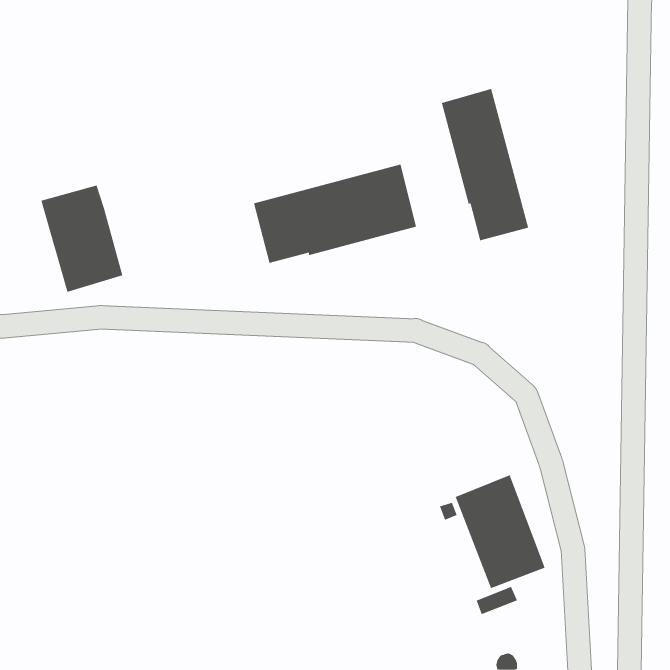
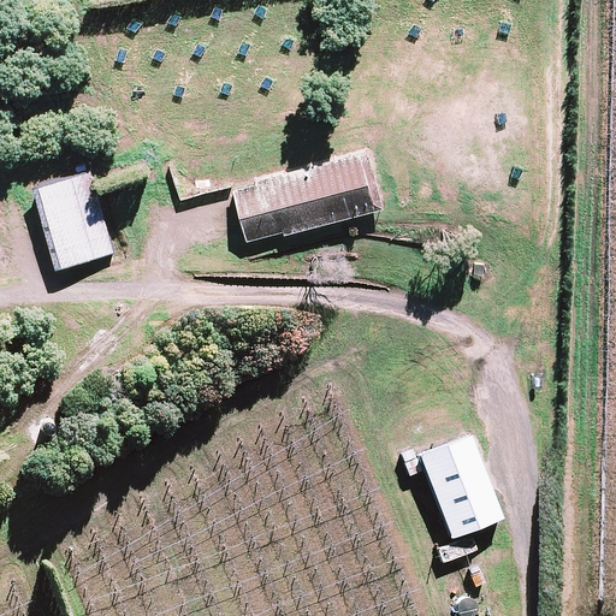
building: [441,88,529,241] -> none

